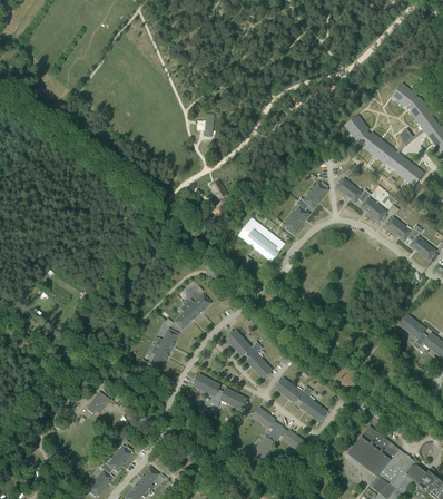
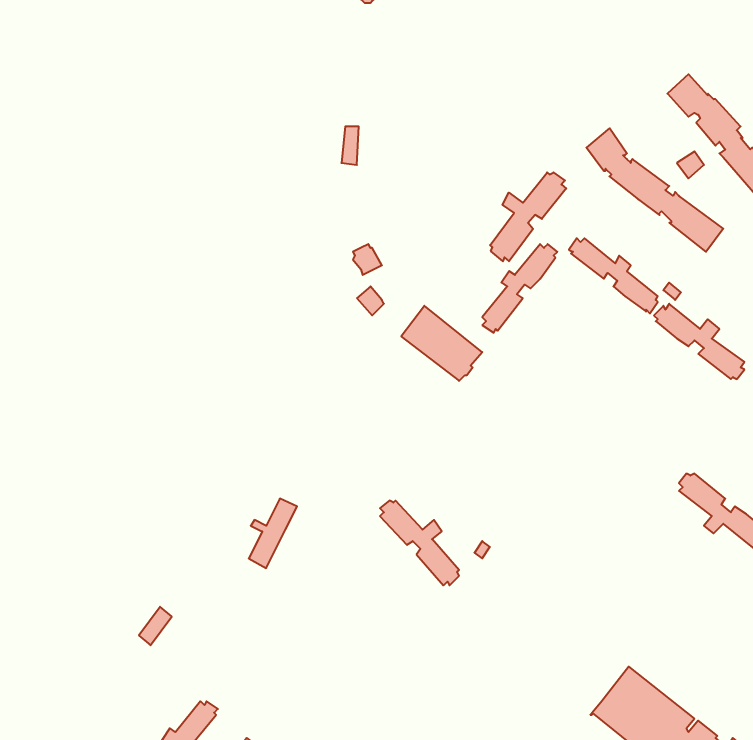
building: none -> [490,172,566,261]
building: [175,294,210,329] -> none
building: [193,373,248,410] -> none
building: [275,378,327,421] -> none
building: [253,407,305,461] -> none

